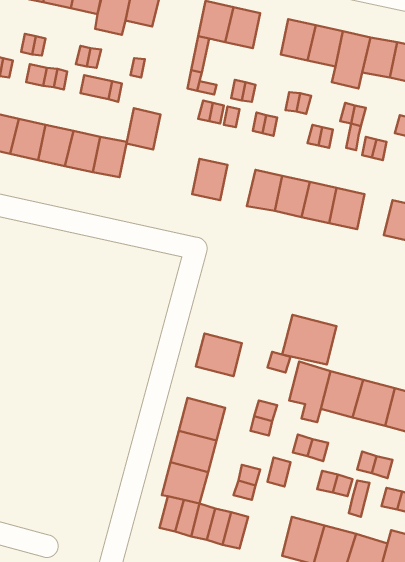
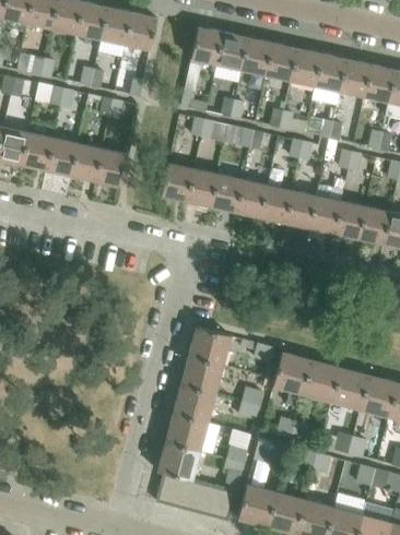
building: none -> [240,38,272,75]
building: [126,108,160,150] -> [162,164,192,201]
building: none -> [211,175,243,212]
building: none -> [334,201,366,238]
building: [282,315,336,365] -> none
building: none -> [181,356,223,393]
building: none -> [238,484,275,526]

